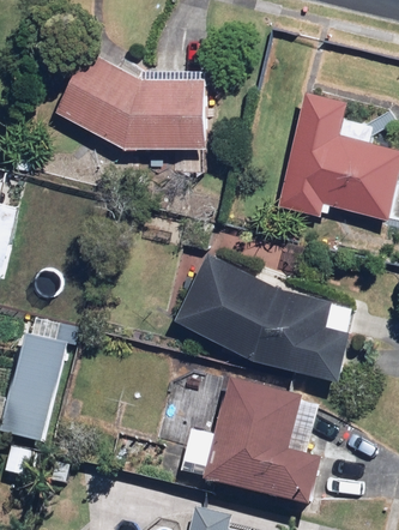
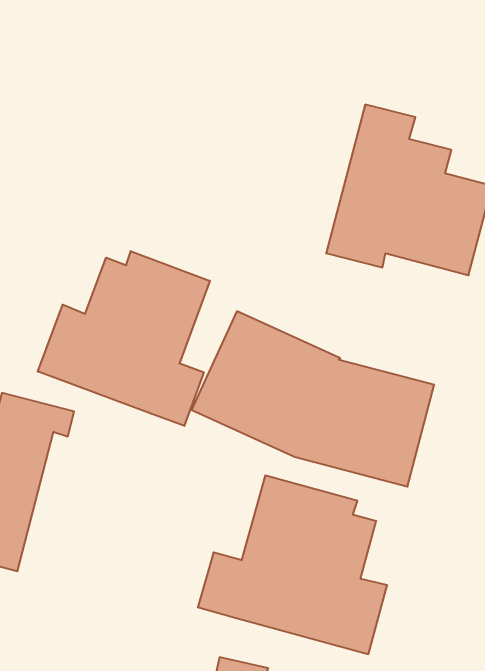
building: [55,49,205,152] -> none
building: none -> [38,251,210,426]

